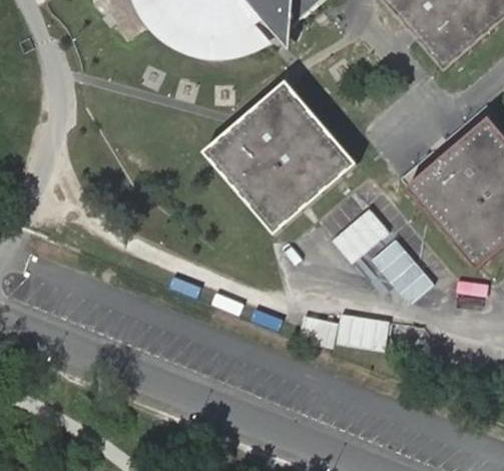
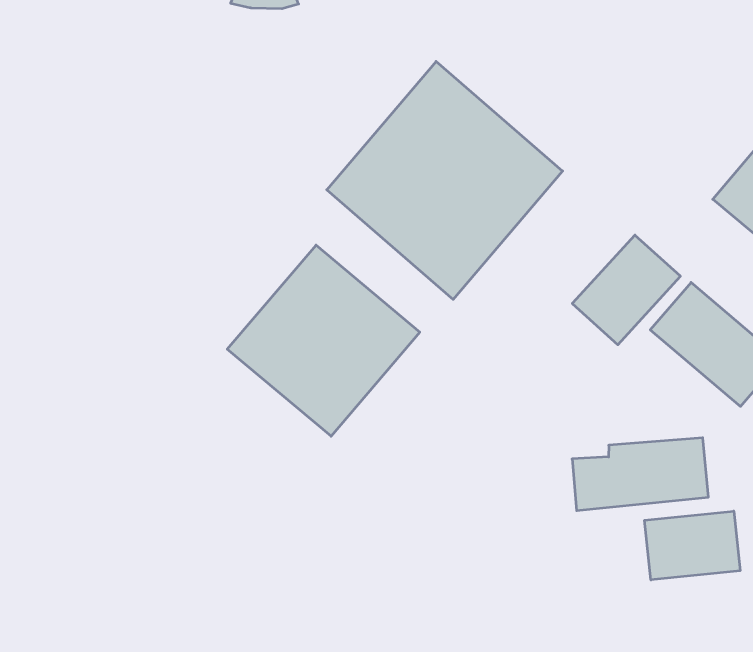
building: none -> [227,245,420,436]
building: none -> [645,511,740,580]

